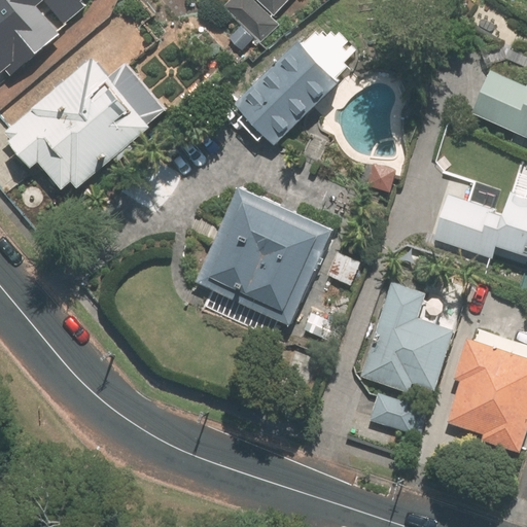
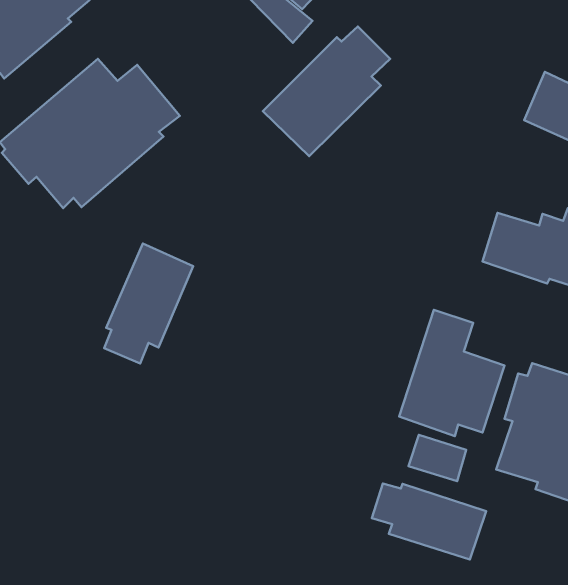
building: [195,185,333,324] -> none
building: none -> [104,244,193,364]
building: none -> [372,483,486,560]

